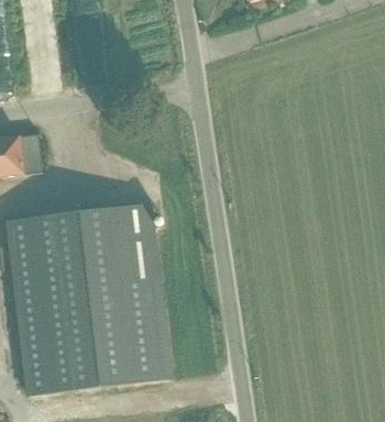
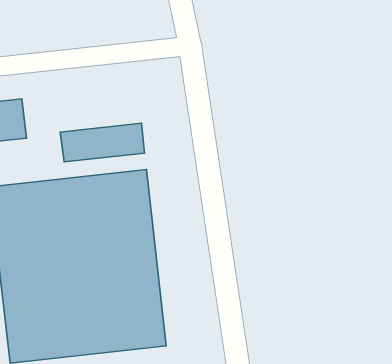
building: none -> [60,123,144,162]

